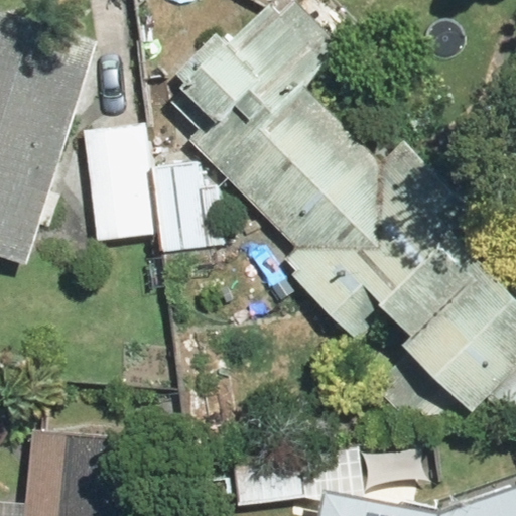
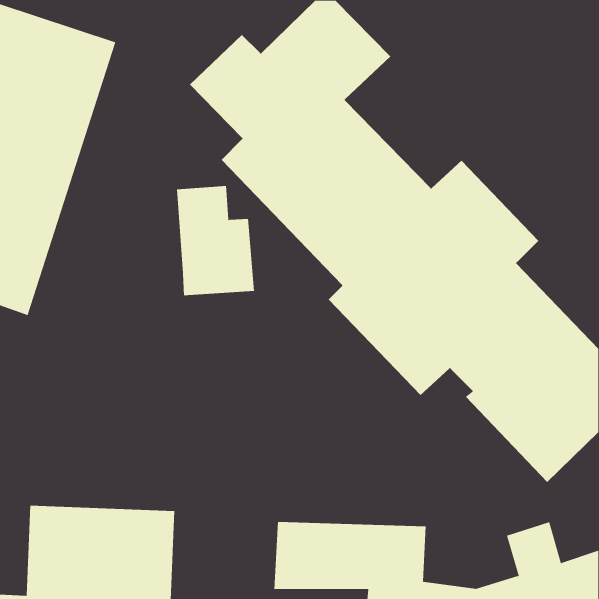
building: [88,129,156,240] -> none

